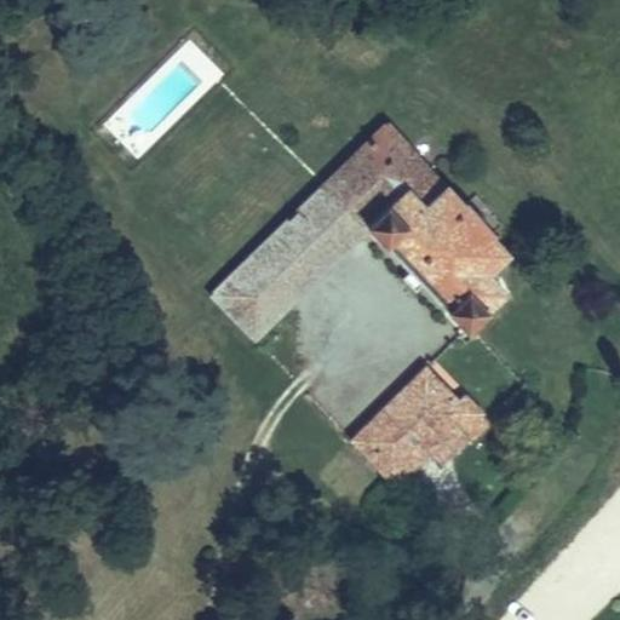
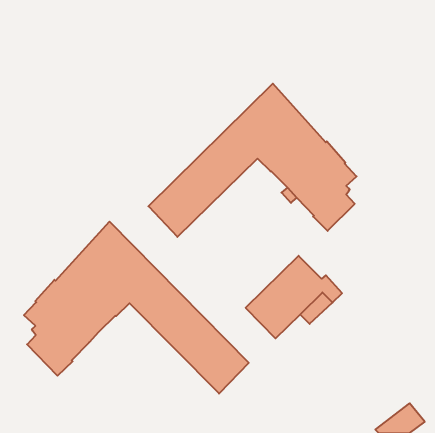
building: none -> [24,222,249,394]

